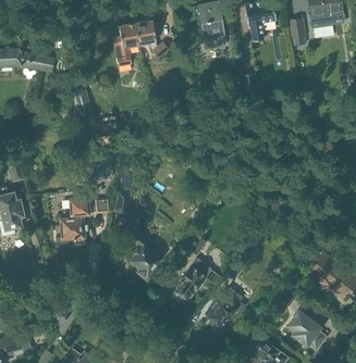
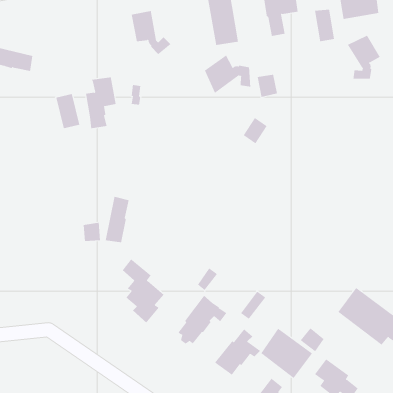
building: [113,24,139,67] -> [85,77,117,129]
building: none -> [347,35,380,80]
building: none -> [204,55,251,94]
building: [60,198,90,245] -> none
building: none -> [260,328,313,379]

